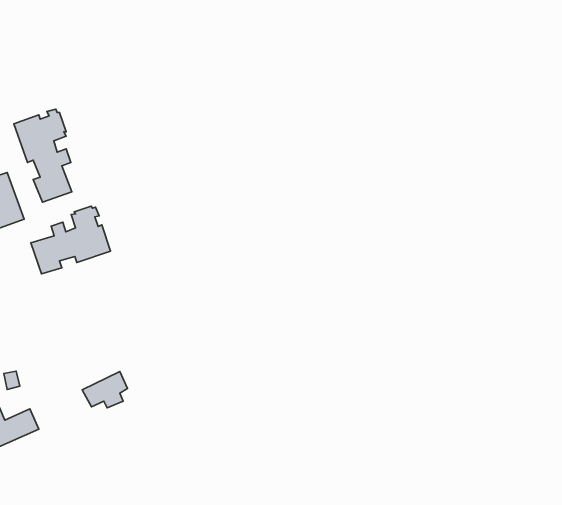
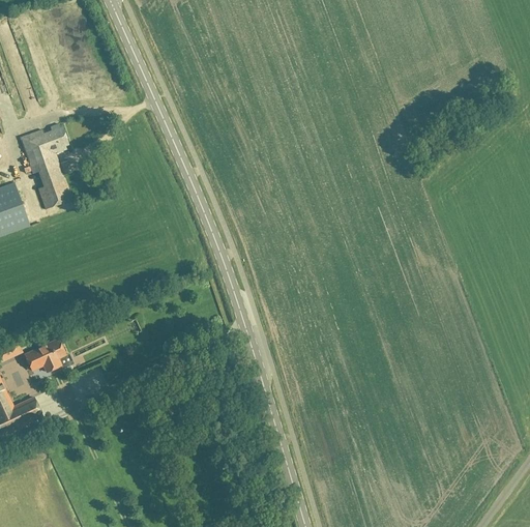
building: [31,206,111,274] -> none
building: [82,372,128,408] -> [23,338,64,371]

